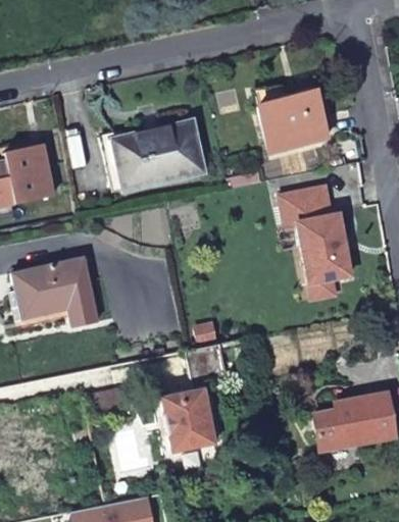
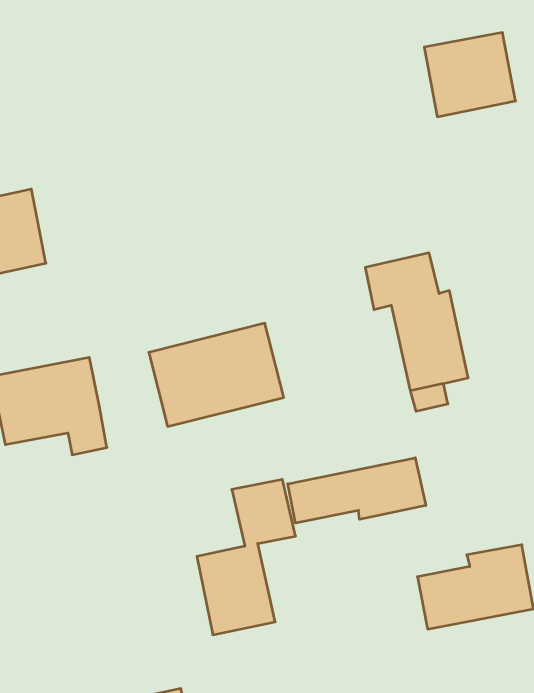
building: [258,90,322,149] -> [424,33,516,117]
building: [112,118,207,191] -> [149,323,284,426]
building: none -> [288,458,426,523]

